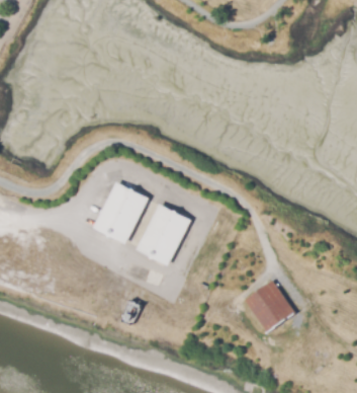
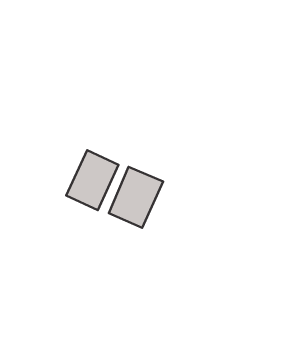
building: [243,280,290,329] -> none

